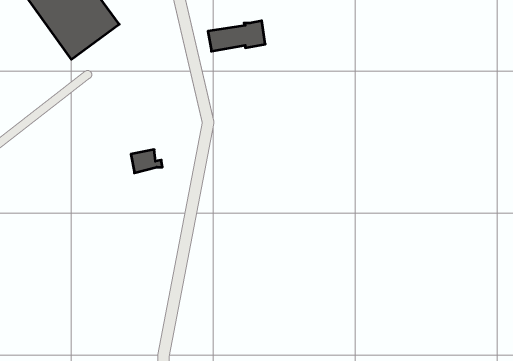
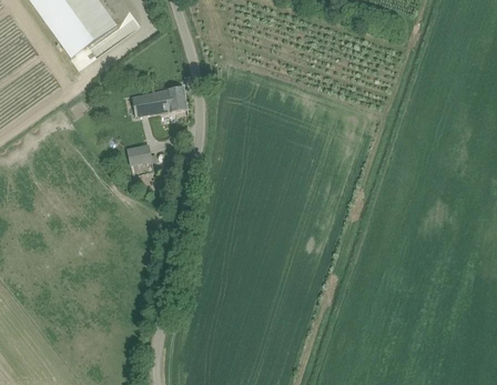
building: [208,21,265,51] -> [133,87,187,115]

